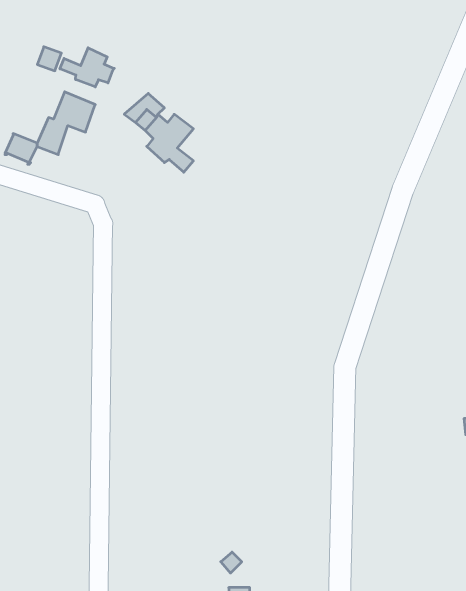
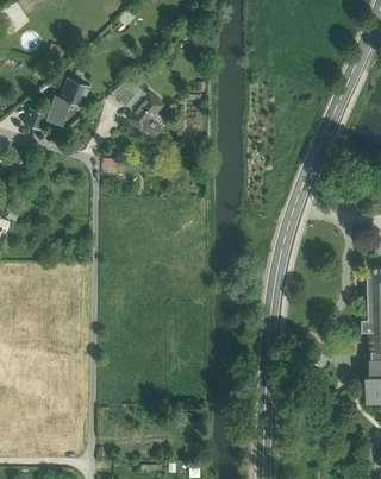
building: [60,48,114,87] -> none

